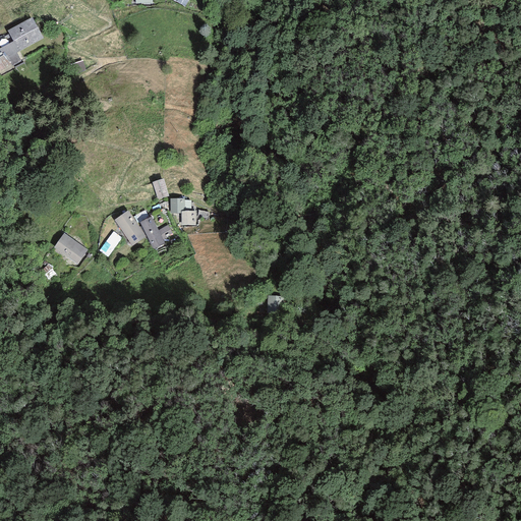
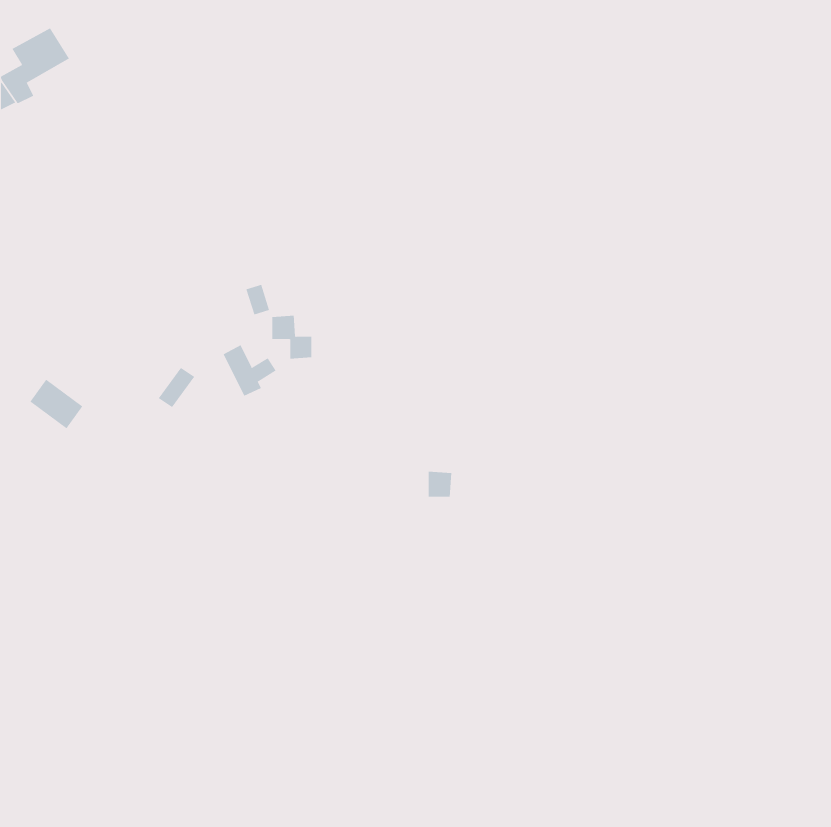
building: [114,210,146,244] -> none
building: [54,232,88,264] -> [29,379,83,429]

